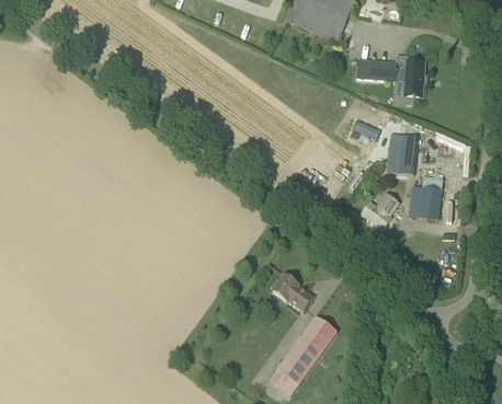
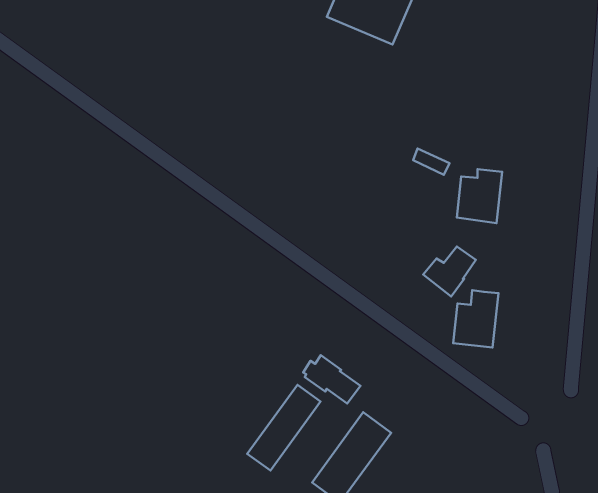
building: [356,58,425,96] -> none
building: [409,175,443,218] -> [453,290,499,347]
building: none -> [247,385,321,471]

